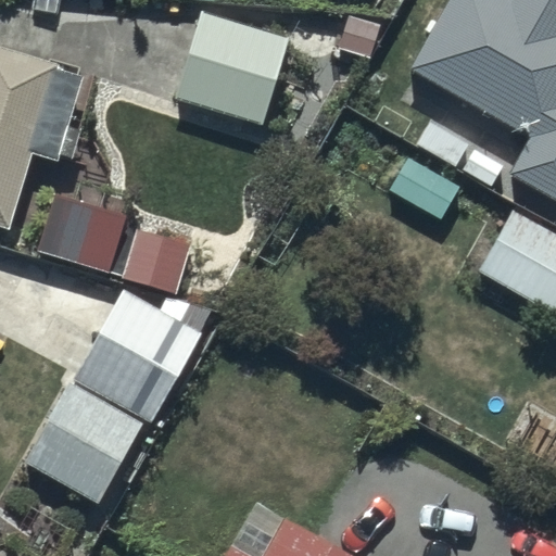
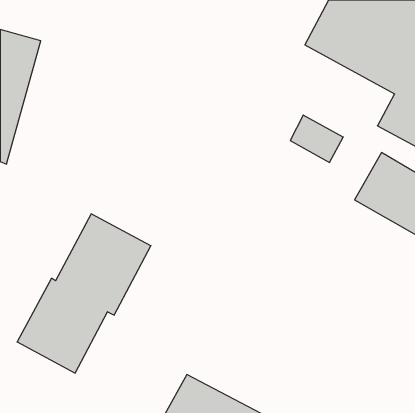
building: [176,11,290,124] -> none
building: [38,190,194,293] -> none

